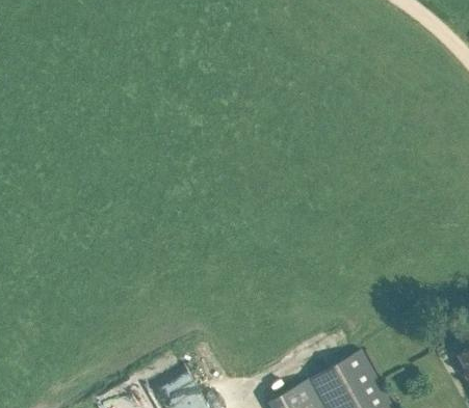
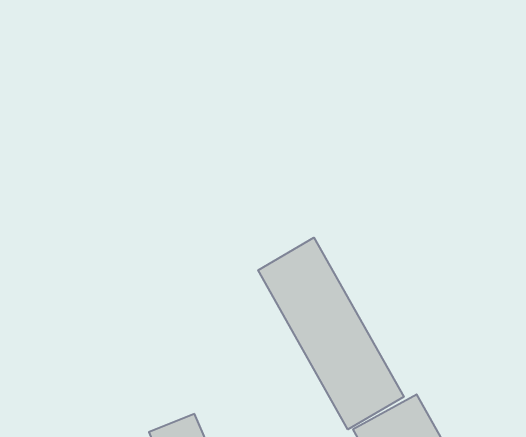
building: none -> [258,238,404,429]

